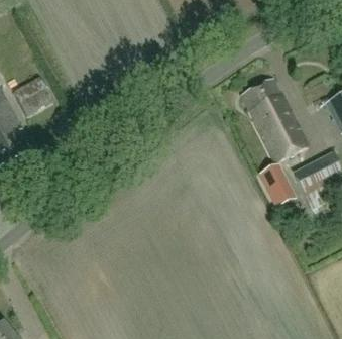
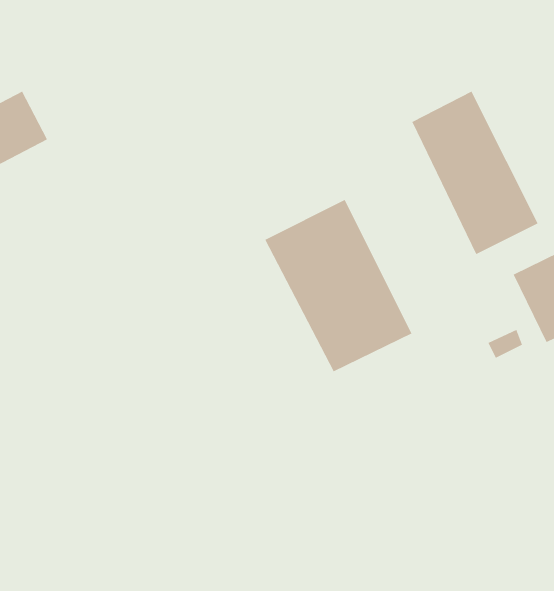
building: none -> [265,199,412,372]
building: [260,161,296,203] -> none

